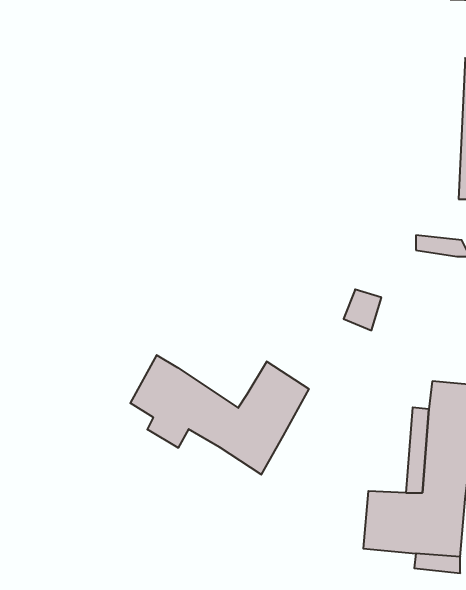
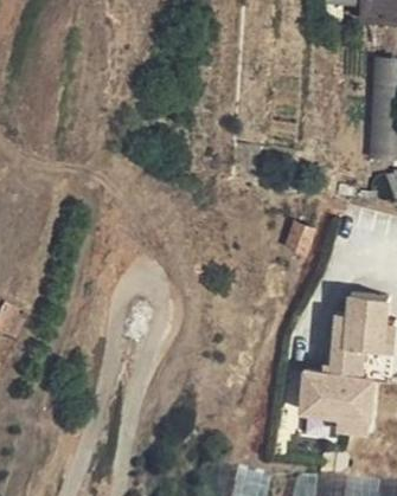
building: [130,355,309,475] -> none

